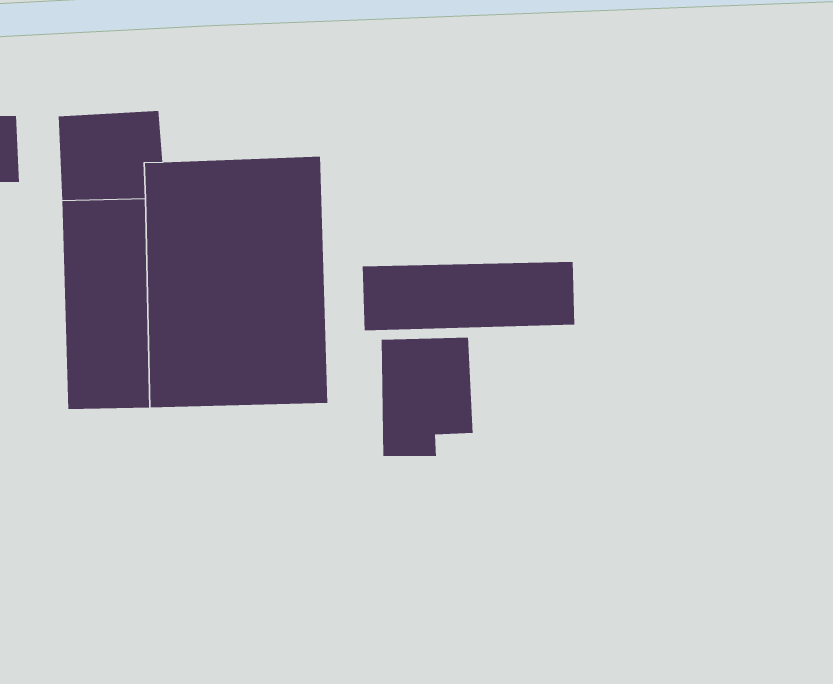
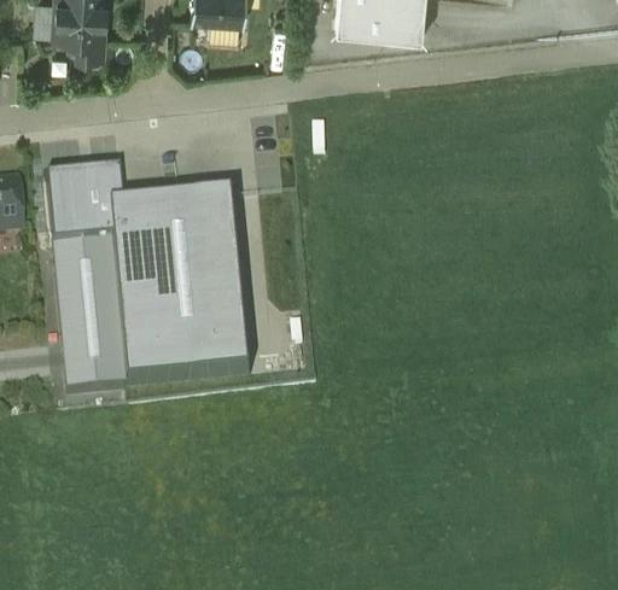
building: [362,261,575,331] -> none
building: [381,337,473,457] -> none

